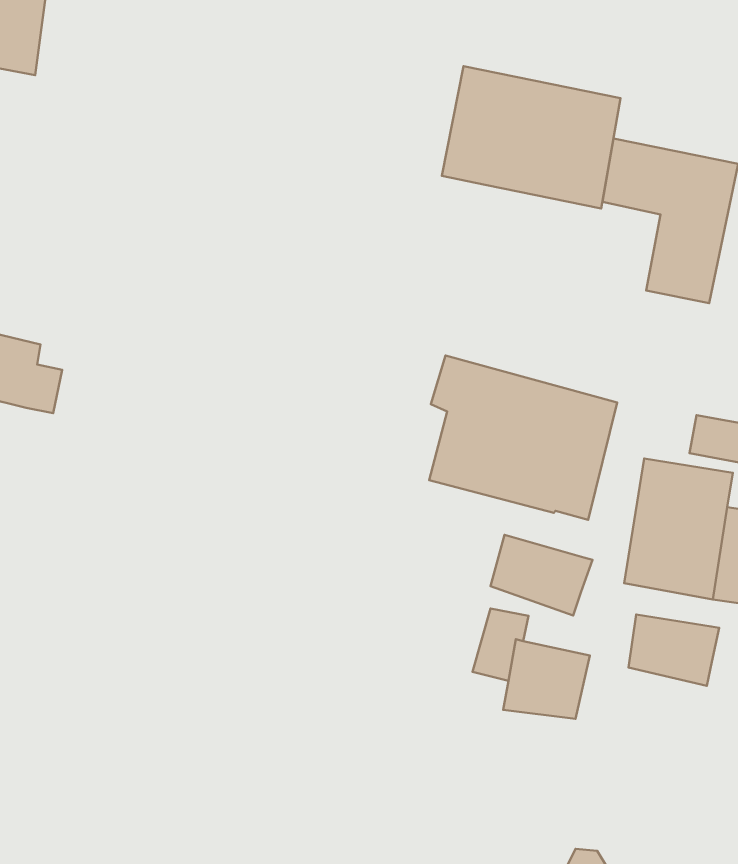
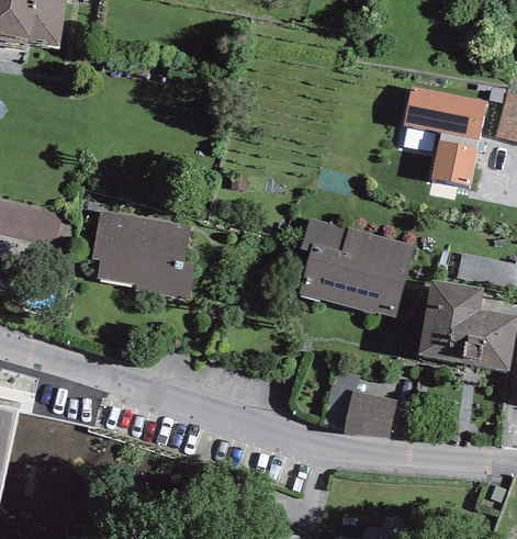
building: [442,66,621,209] -> none
building: none -> [91,211,194,300]
building: [491,535,592,616] -> none
building: [628,615,719,686] -> none

